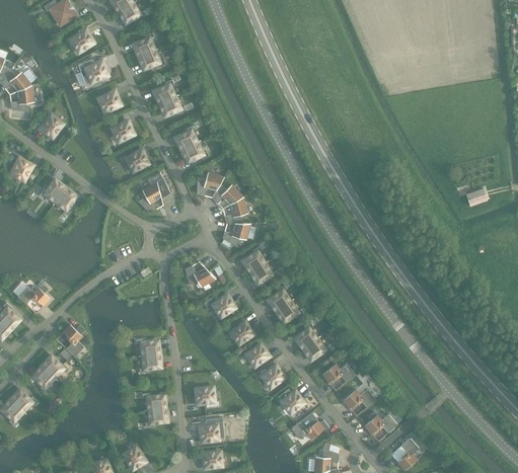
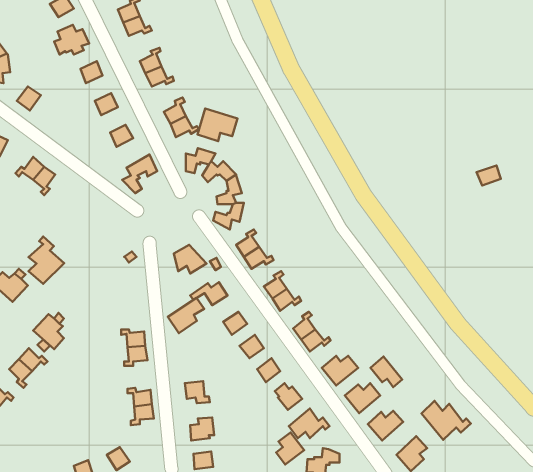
building: none -> [197,108,238,141]
building: none -> [29,237,64,284]
building: none -> [168,298,204,333]
building: none -> [370,357,402,387]
building: none -> [421,401,471,440]
building: none -> [276,433,304,464]

